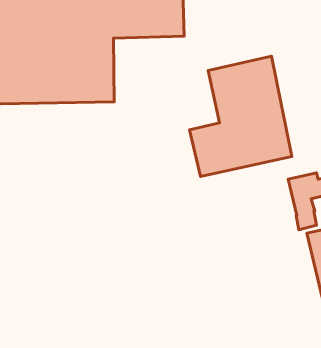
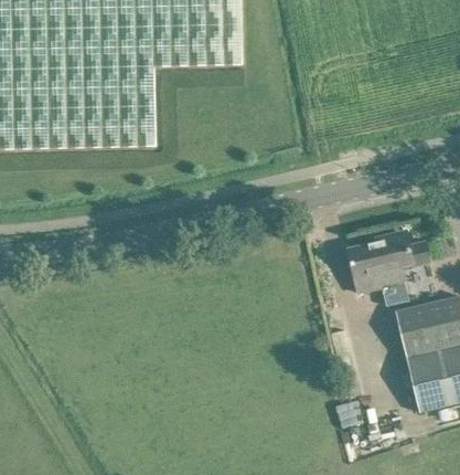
building: [190,56,292,176] -> none
building: none -> [346,243,382,294]

